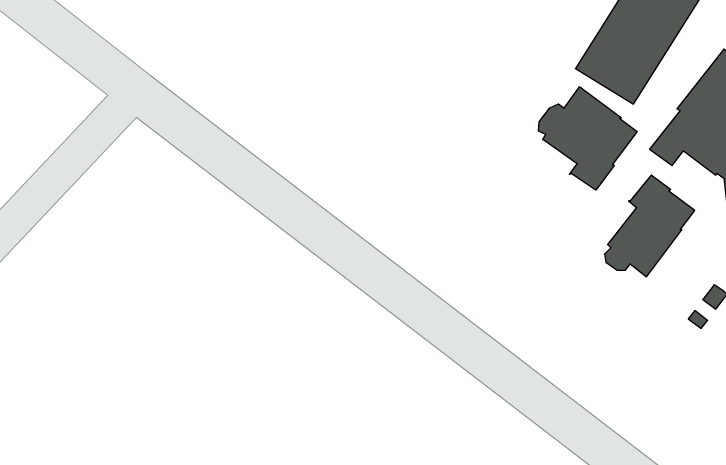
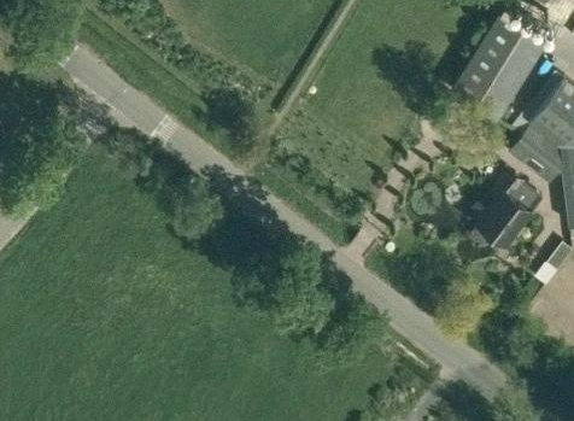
building: [538,87,637,190] -> none

